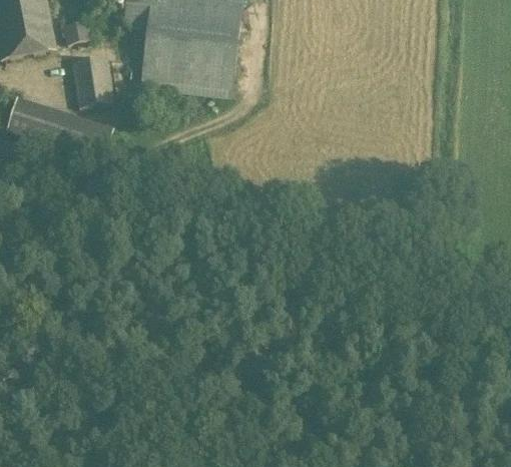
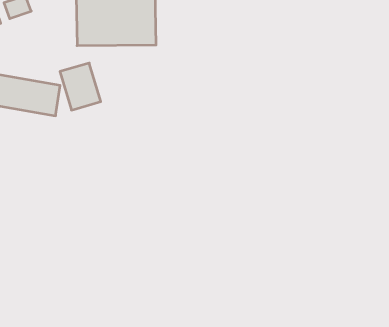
building: [72,54,114,105] -> [60,63,101,110]

